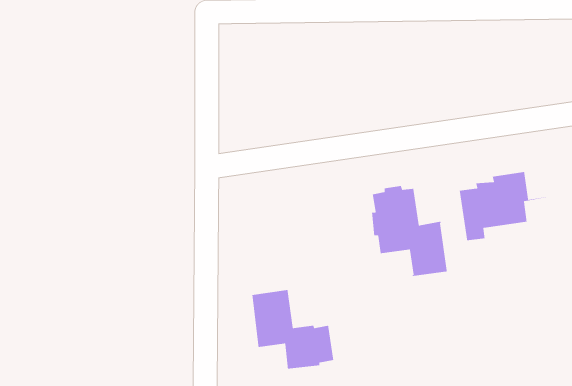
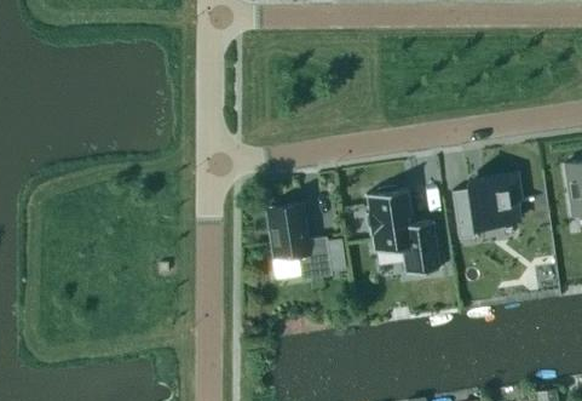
building: [251,289,334,370] -> [267,202,346,279]

